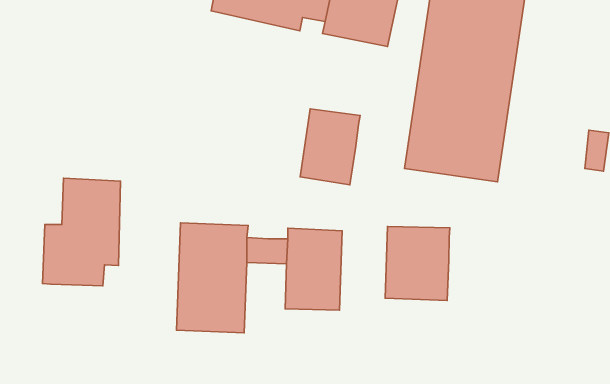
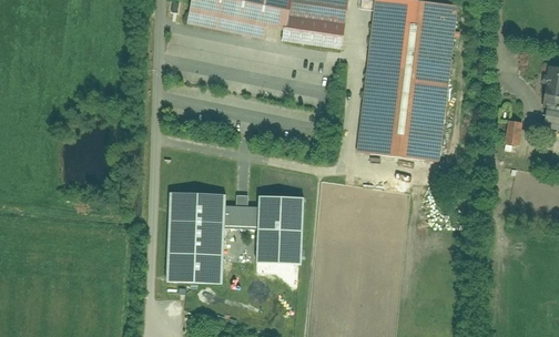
building: [300,109,360,185] -> none
building: [43,178,121,286] -> none
building: [385,227,450,301] -> none

